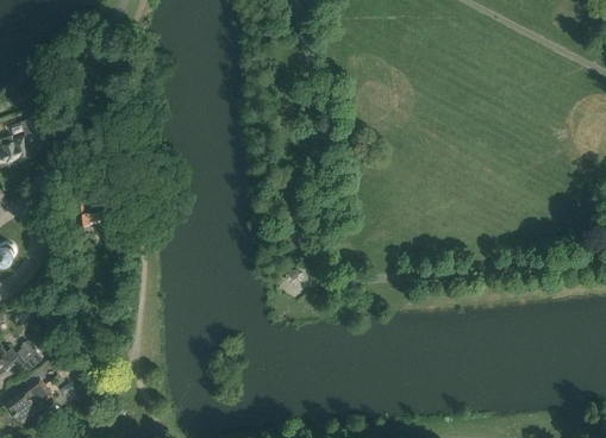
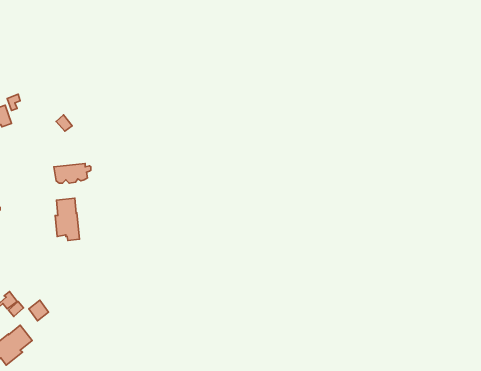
building: none -> [55,198,80,240]

